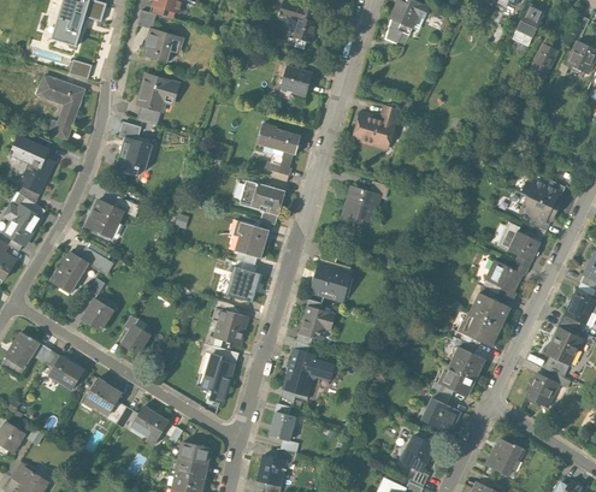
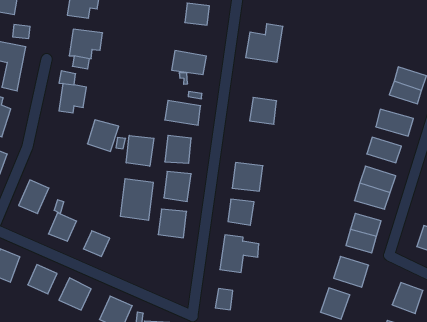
building: [85,196,126,237] -> [87,120,119,151]
building: none -> [126,135,154,166]
building: [193,349,238,403] -> [120,179,153,220]

